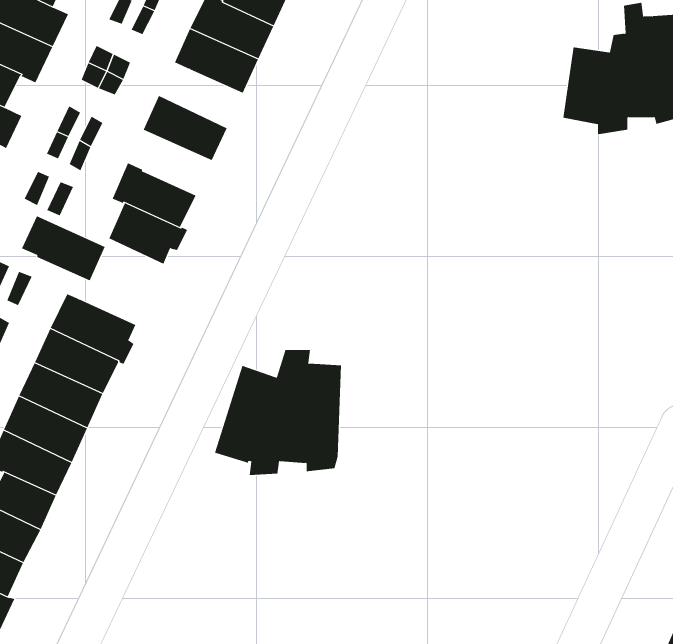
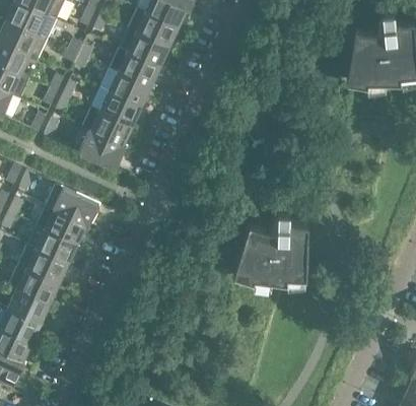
building: none -> [109,48,158,86]
building: [21,216,106,281] -> [90,87,140,126]
building: [214,349,342,475] -> [232,213,307,287]

